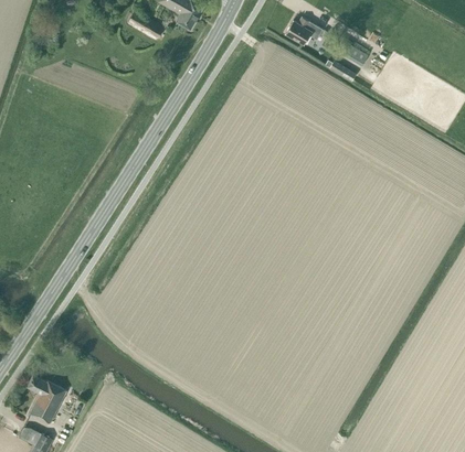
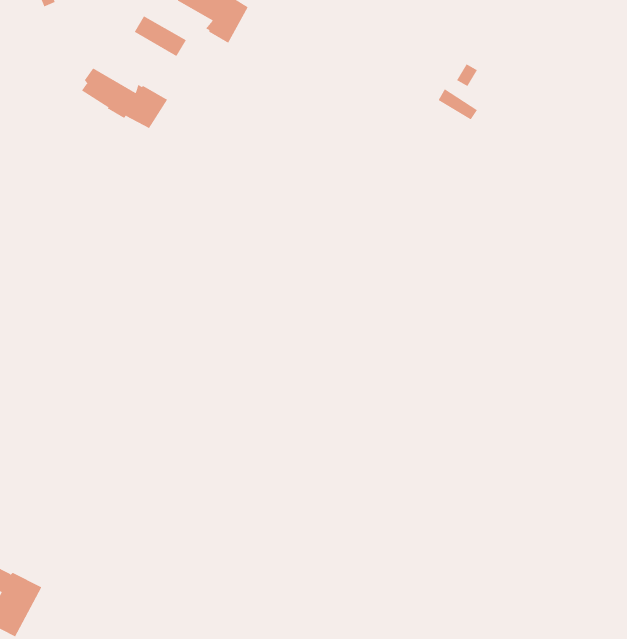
building: [285,17,321,44] -> none
building: none -> [81,68,168,129]

